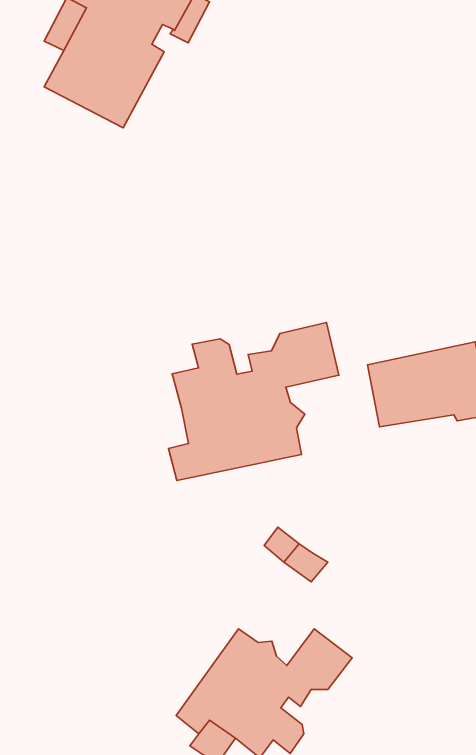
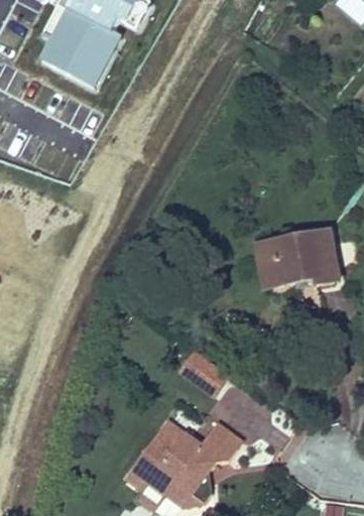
building: [168,322,339,480] -> none

